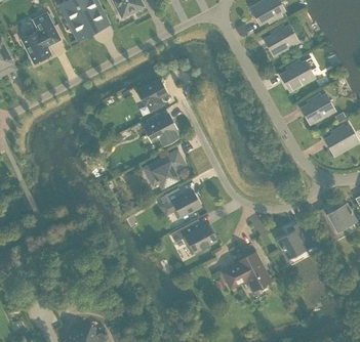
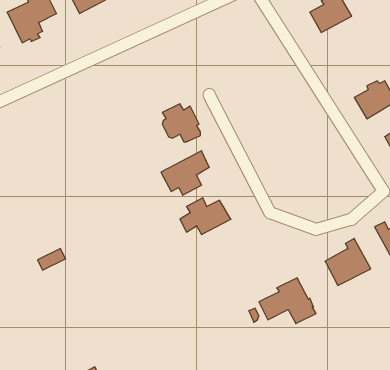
building: [281,57,316,91] -> none
building: [137,79,167,111] -> none
building: [171,221,216,252] -> none

